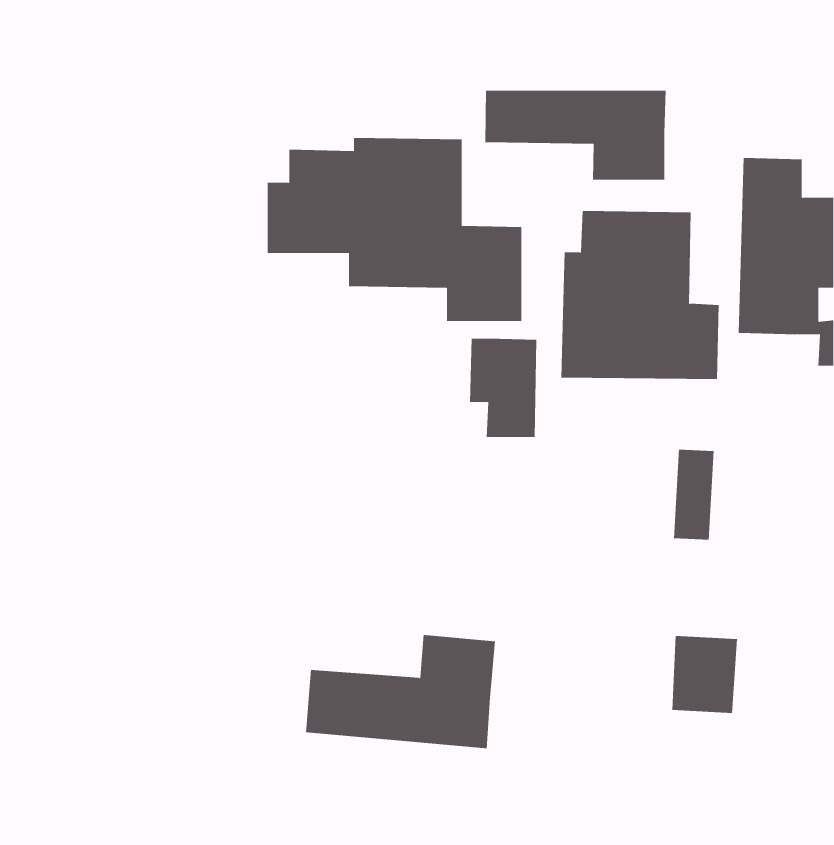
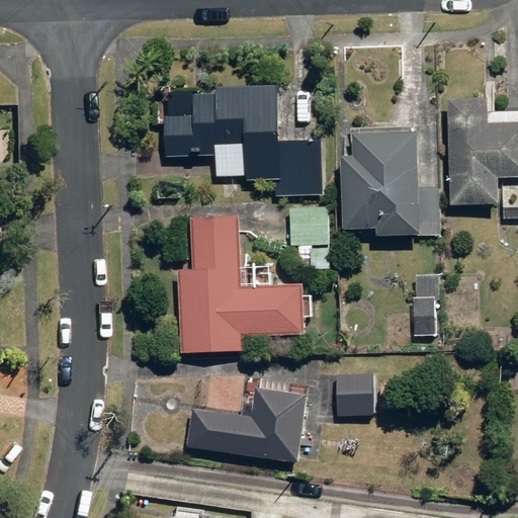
building: [485,90,666,181] -> none
building: none -> [177,217,304,355]
building: [671,636,738,713] -> [330,370,370,418]

